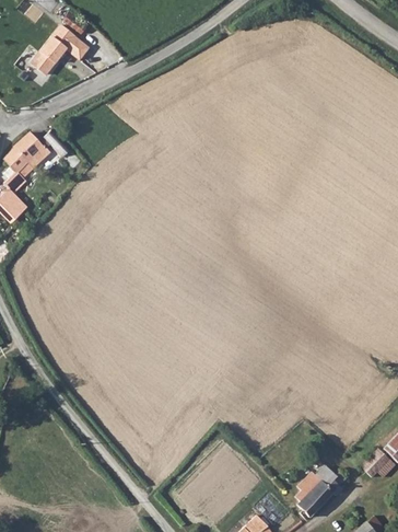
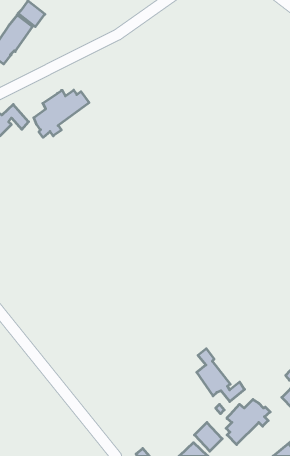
building: none -> [34,90,89,137]
building: none -> [197,349,245,402]

